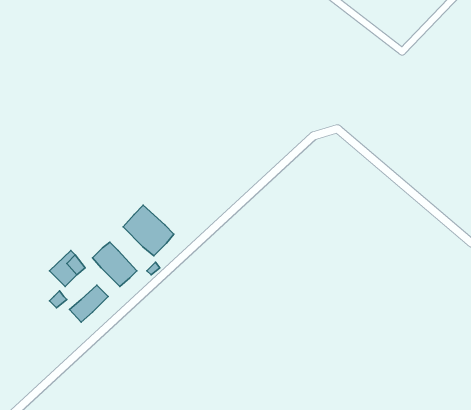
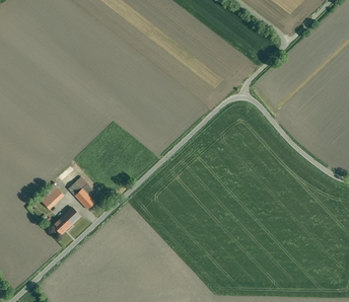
building: [123,205,174,256] -> none

